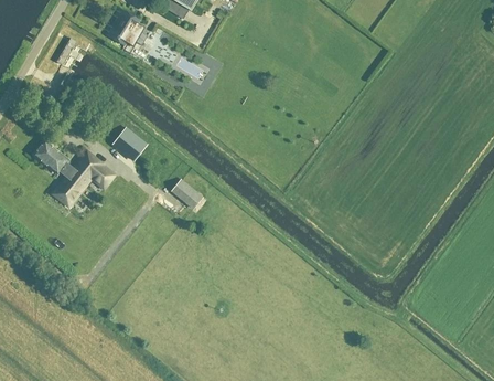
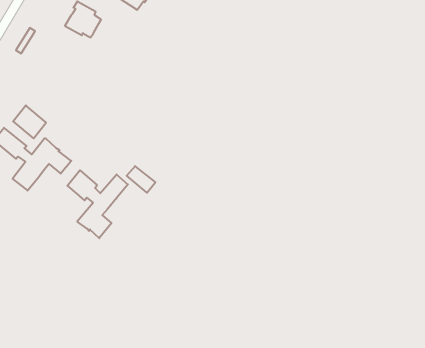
building: [111,128,146,162] -> [13,105,46,138]
building: none -> [67,170,128,238]

